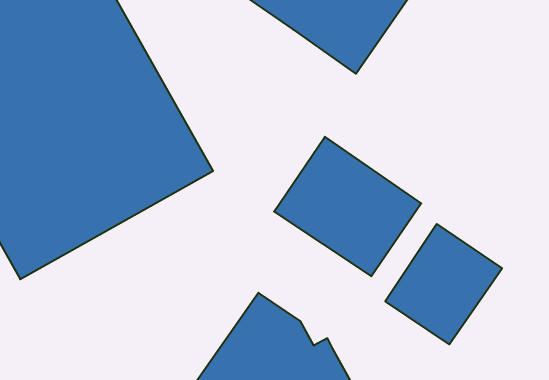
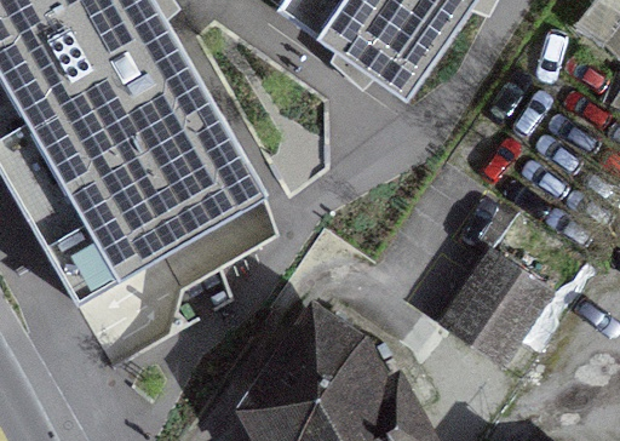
building: [274,137,421,276] -> none

